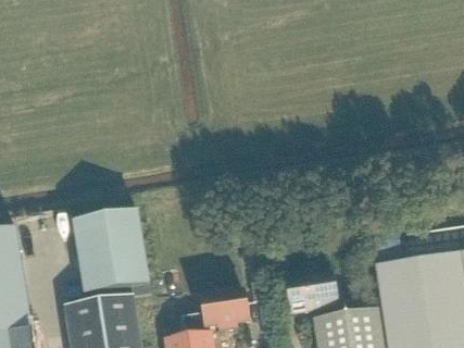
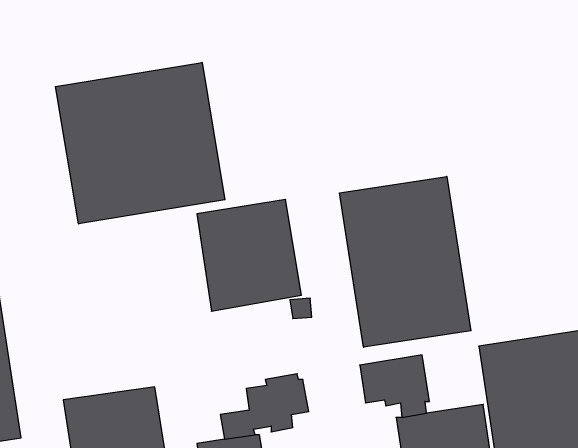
building: none -> [56,62,225,224]
building: none -> [340,176,471,347]
building: [72,209,150,293] -> [197,199,301,311]

